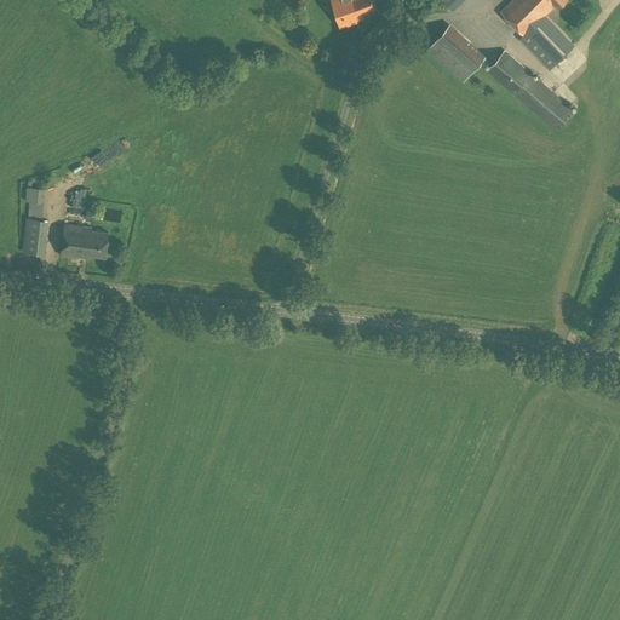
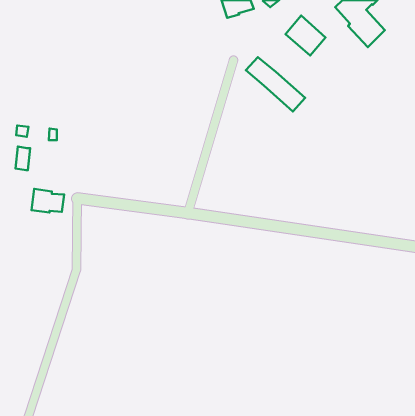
building: [484,50,573,131] -> [246,57,305,112]
building: [59,223,108,258] -> [32,189,64,213]

